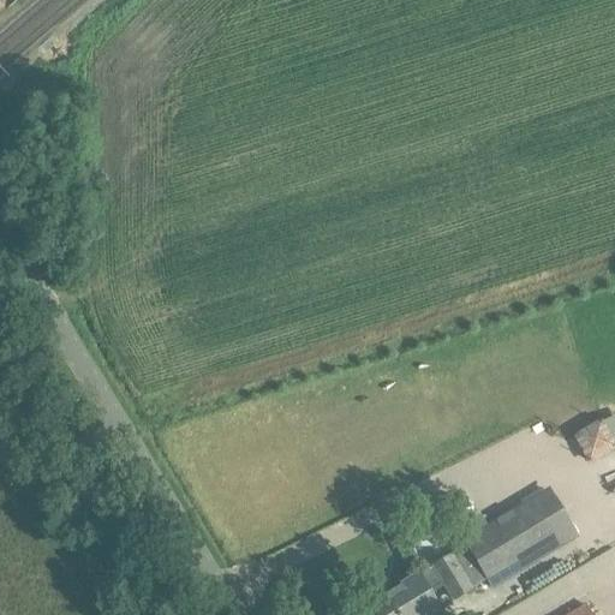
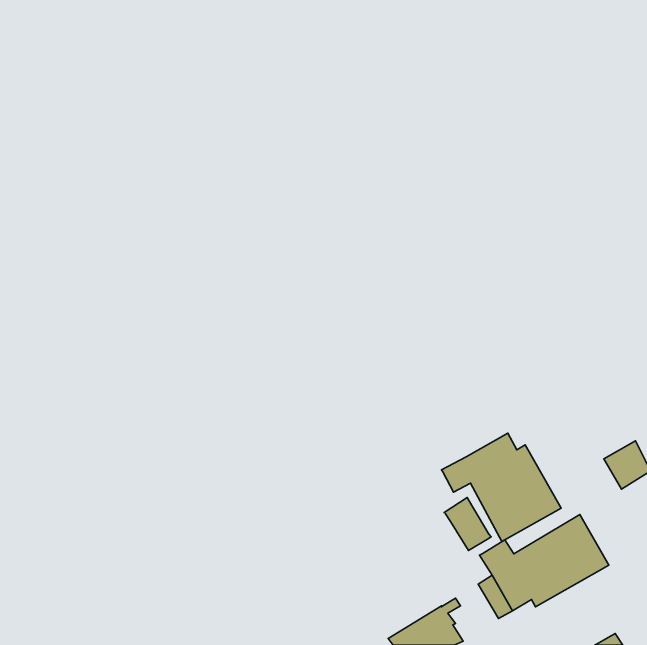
building: none -> [442,433,561,542]
building: [431,551,476,602] -> [444,497,491,551]

